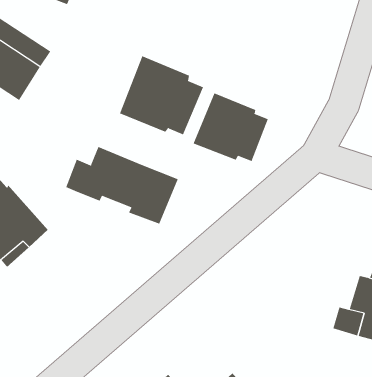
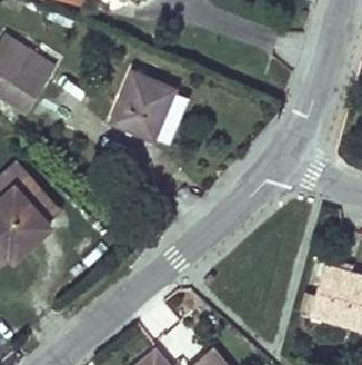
building: [193,93,269,162] -> none
building: [66,146,178,225] -> none

